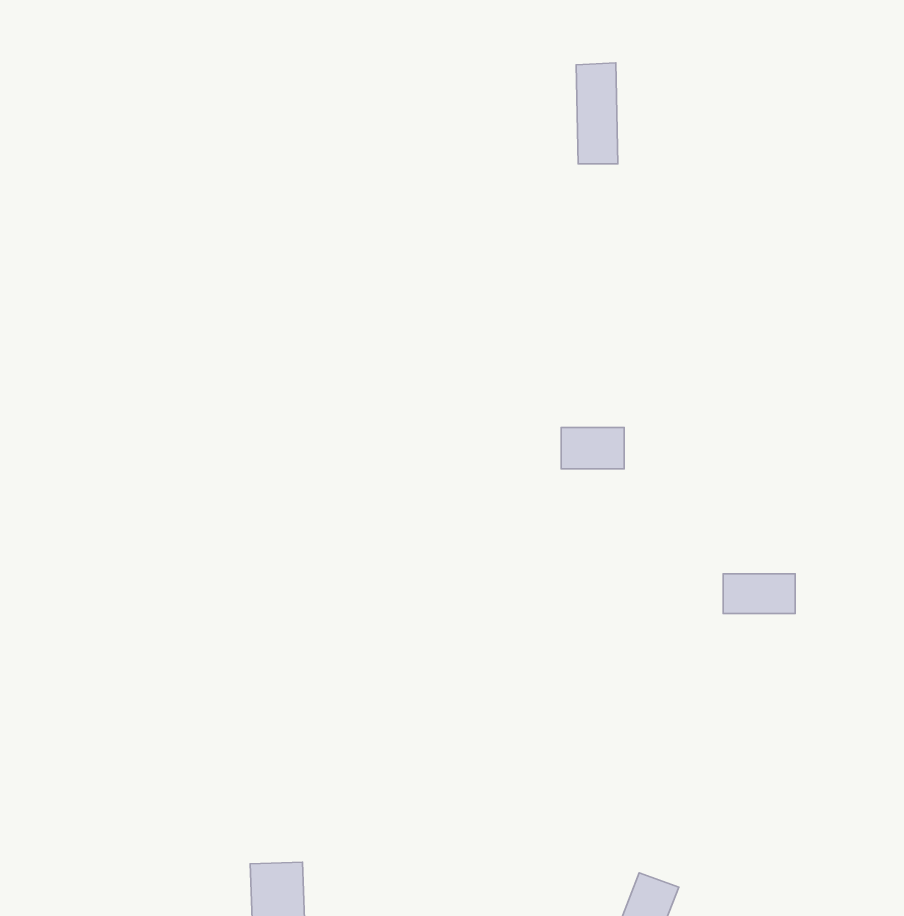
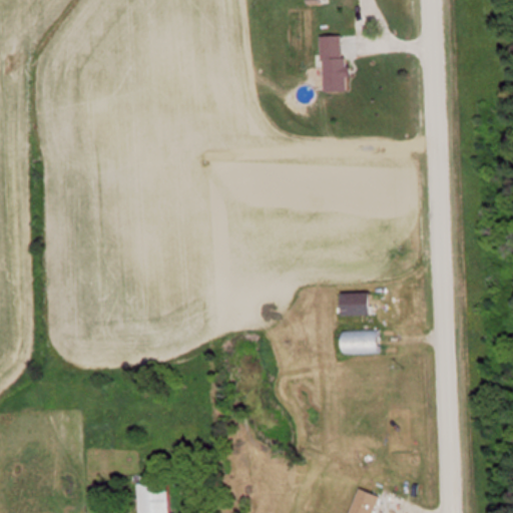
building: [561,428,624,469] -> [337,294,372,317]
building: [723,574,795,613] -> [340,332,380,354]

